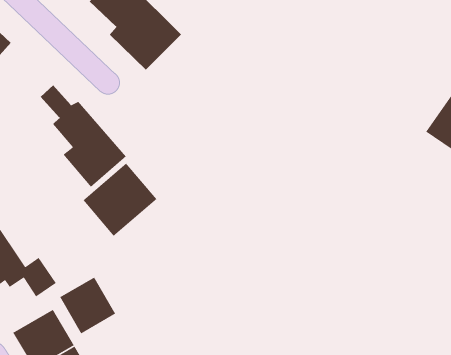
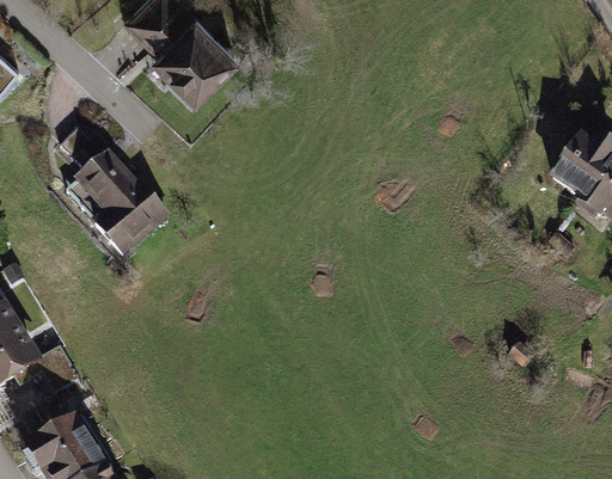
building: [82,162,157,237] -> none
building: [59,276,116,334] -> none

